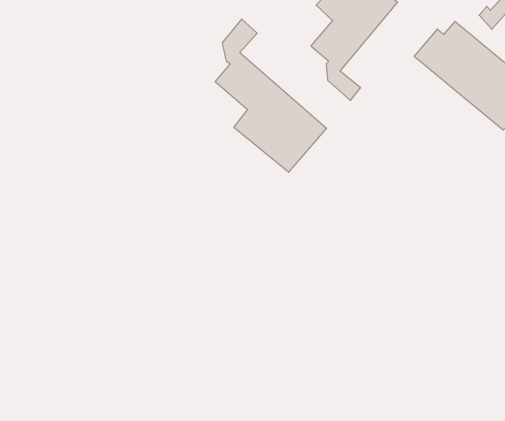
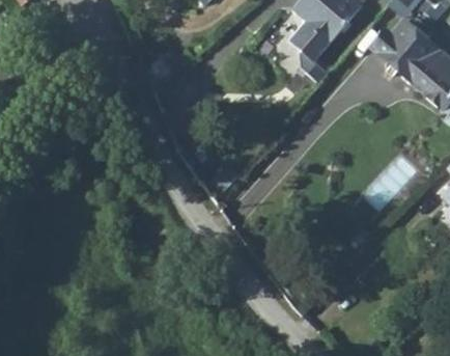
building: [215,19,326,172] -> none

